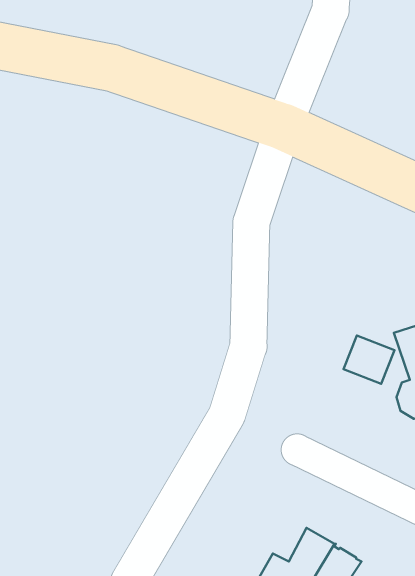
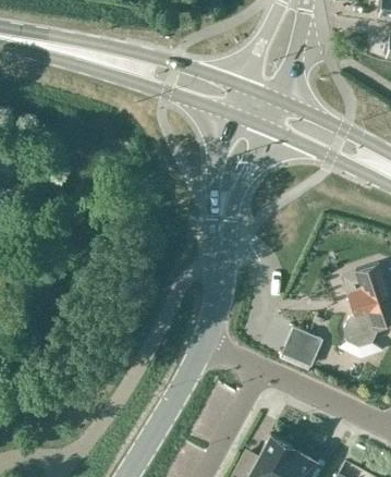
building: [343,335,395,384] -> [283,327,325,366]

